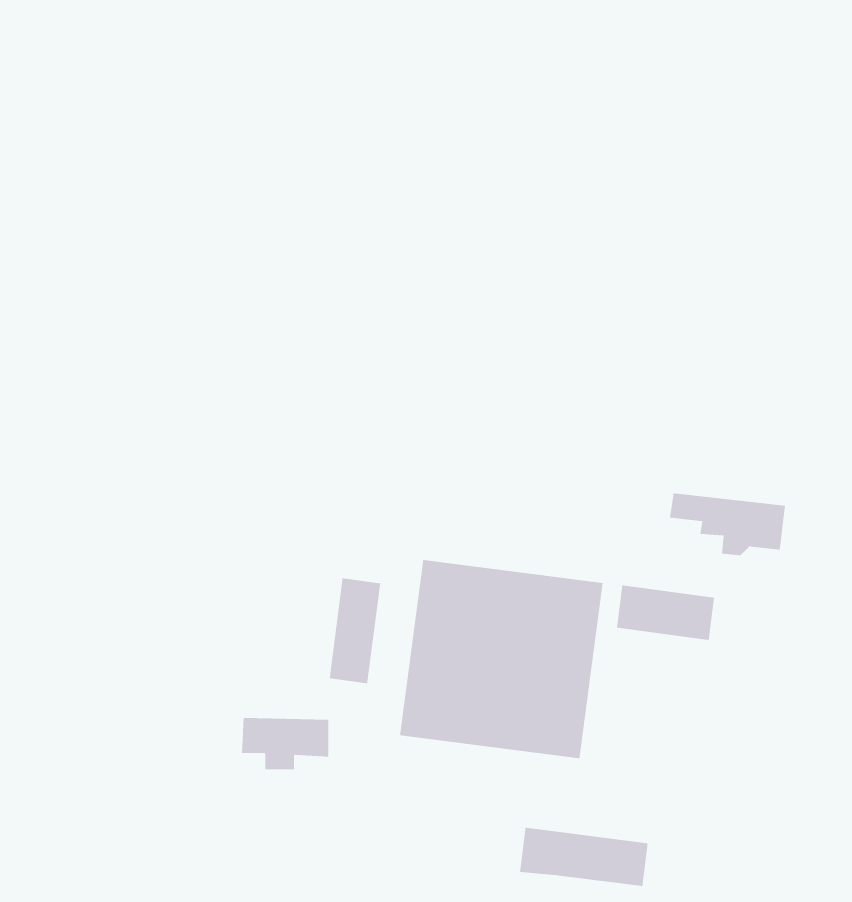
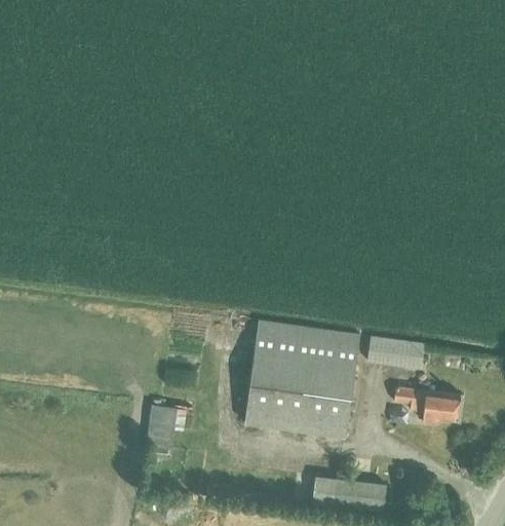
building: [669,493,786,556] -> [393,385,460,421]
building: [329,578,381,684] -> none

